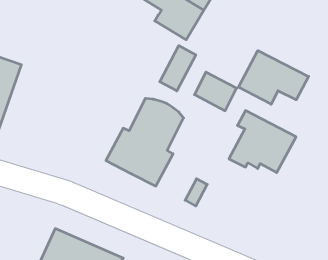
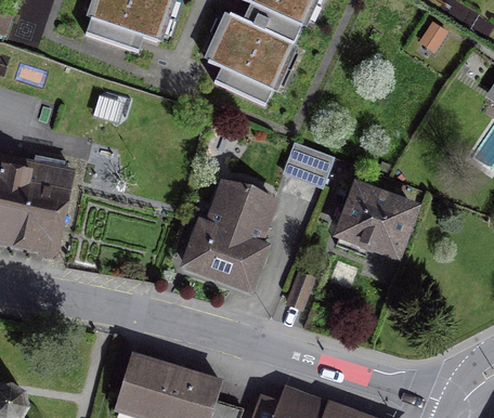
building: [160,46,196,91] -> none
building: [239,51,309,104] -> none

